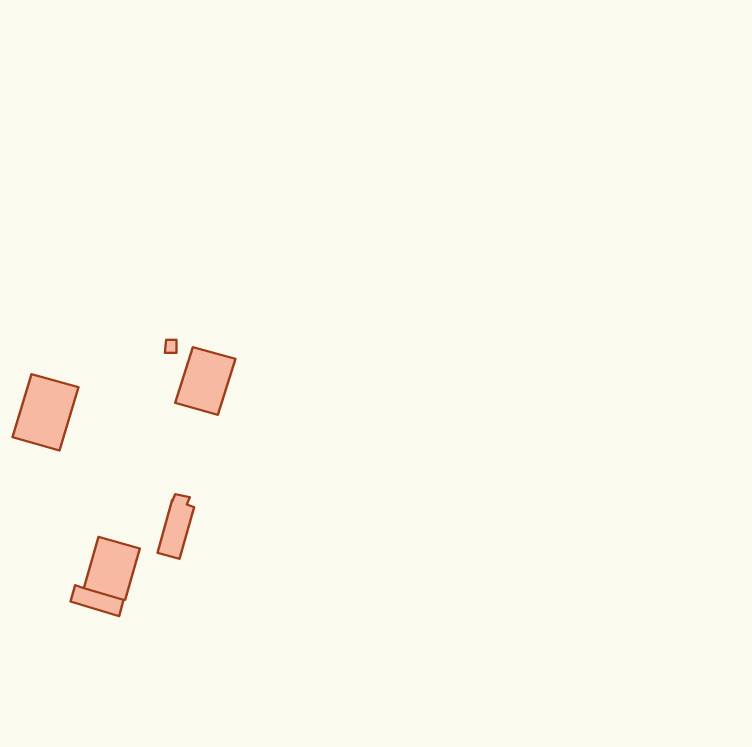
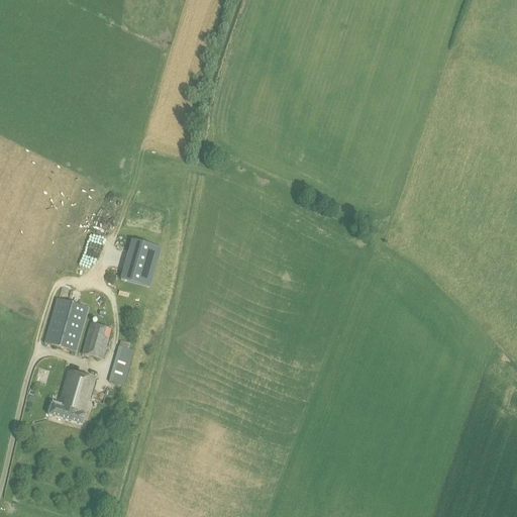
building: [12,374,79,450] -> [43,297,89,349]
building: none -> [82,321,111,357]

